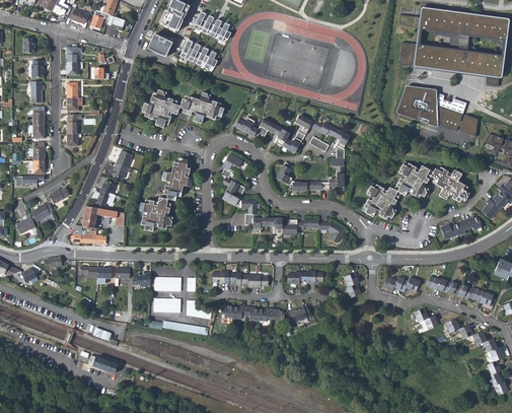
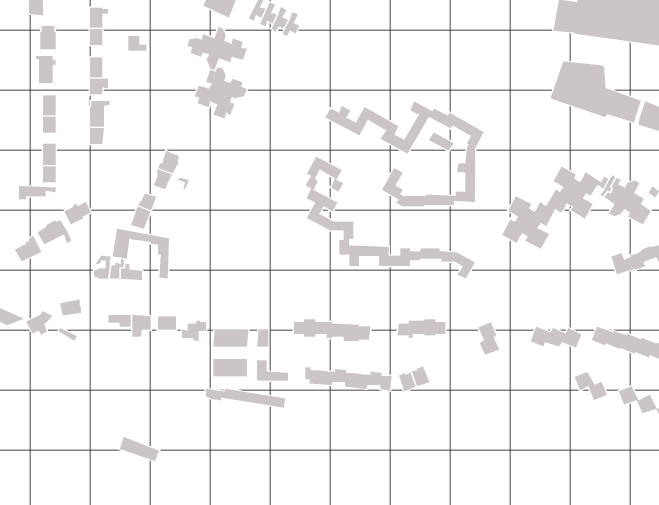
building: [180,91,224,123] -> [187,26,248,70]
building: [162,157,193,193] -> none
building: [139,197,172,230] -> none

